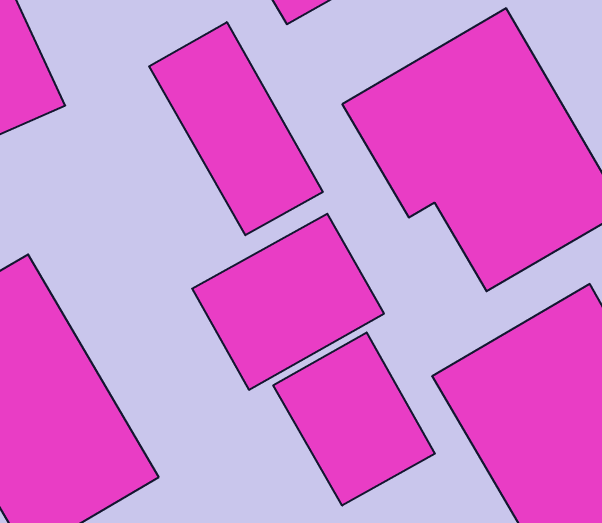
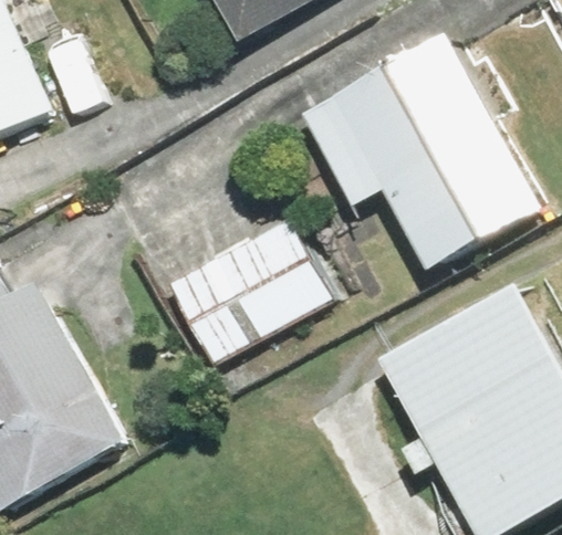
building: [149,22,323,235] -> none
building: [273,332,435,506] -> none

